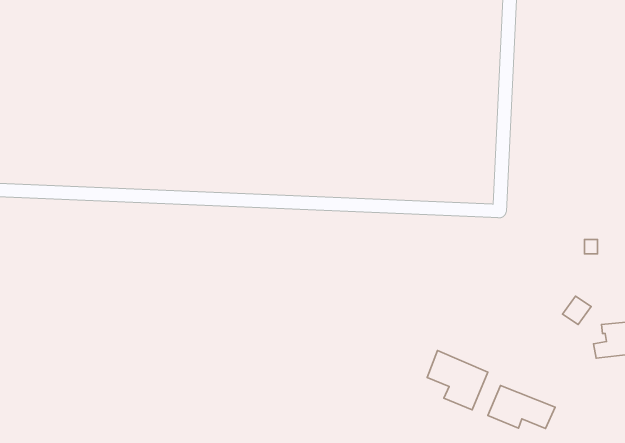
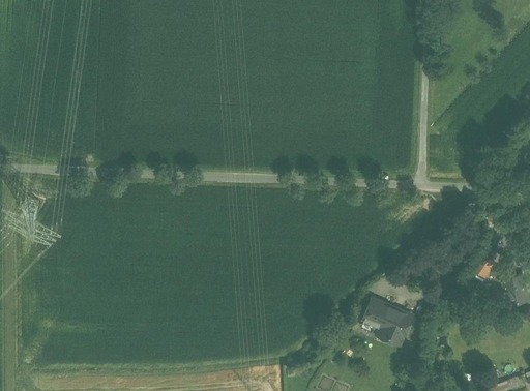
building: [488,386,555,428] -> none

